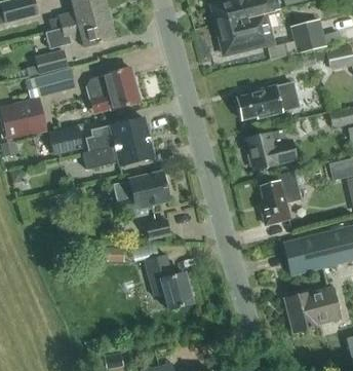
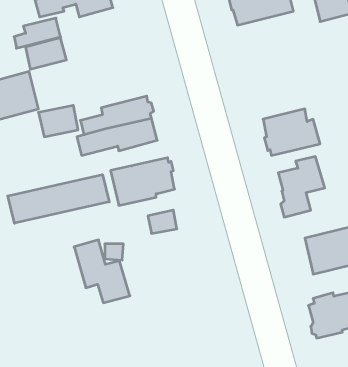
building: [85,67,141,113] -> none
building: [236,82,299,118] -> none
building: none -> [8,175,109,223]
building: [145,254,194,309] -> [74,240,130,303]

